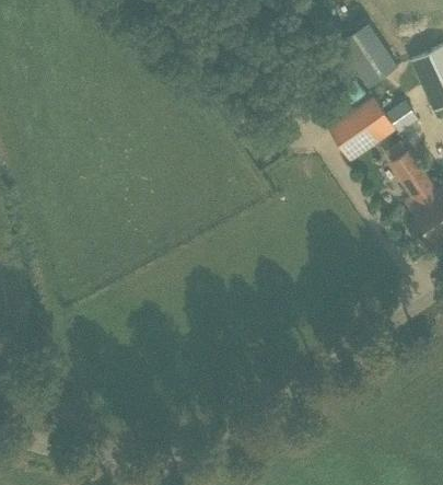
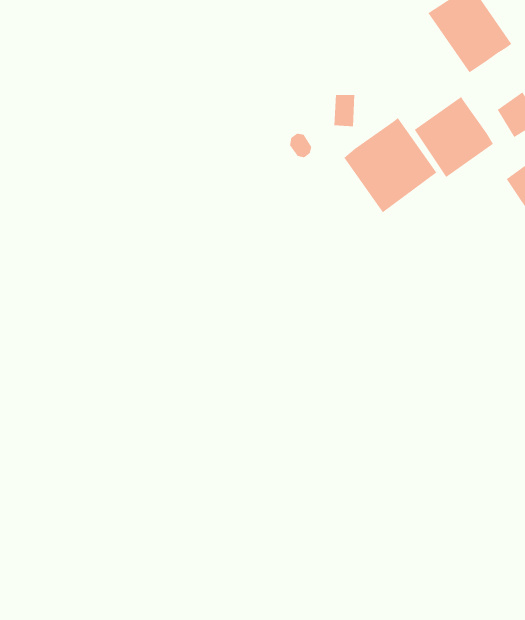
building: none -> [344,117,437,213]

